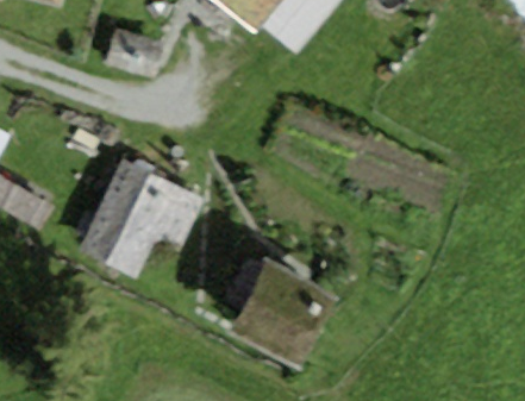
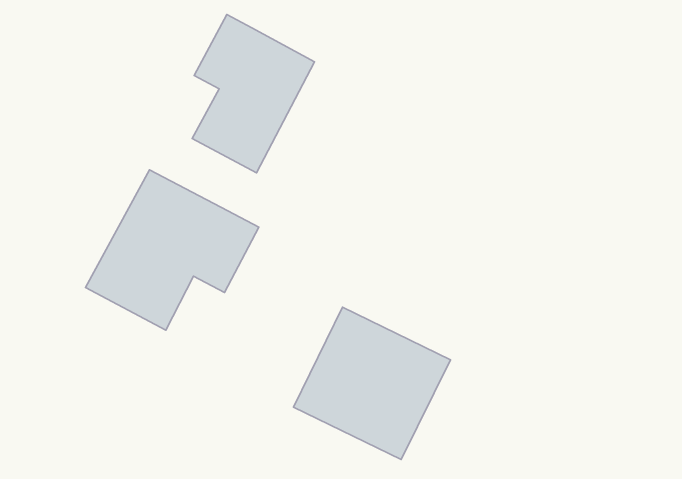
building: none -> [192,15,314,173]

